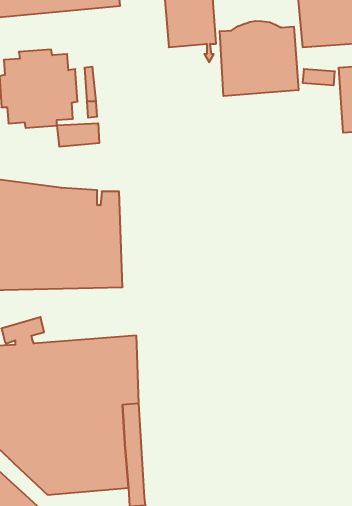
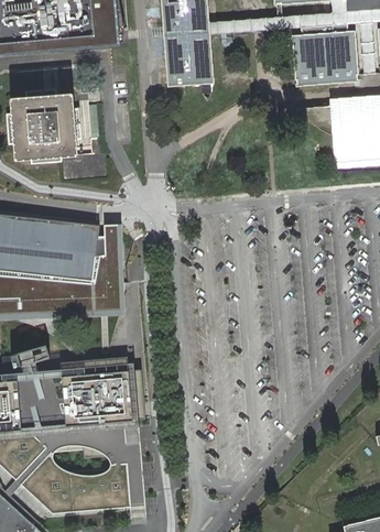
building: [220,21,298,96] -> none

